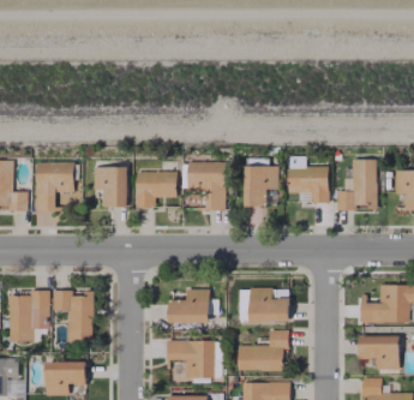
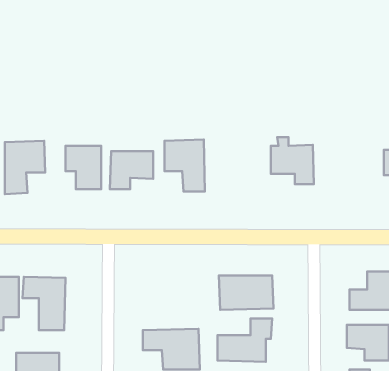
building: [336,160,376,211] -> none
building: [242,166,277,207] -> none
building: [168,289,209,323] -> none

